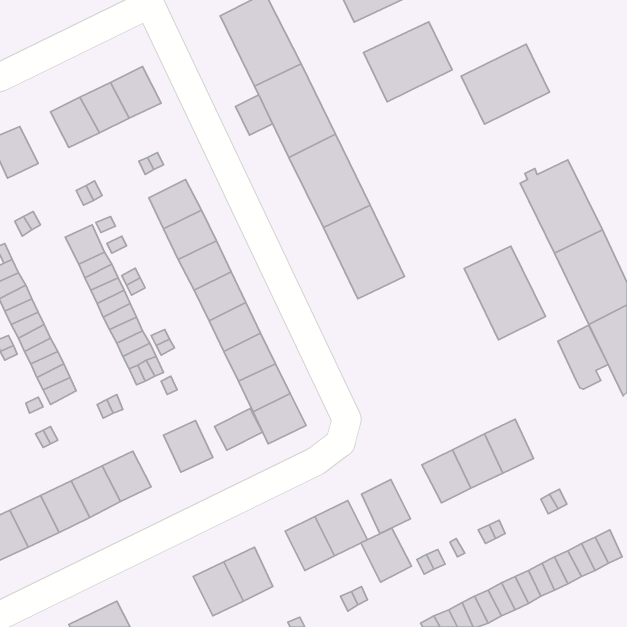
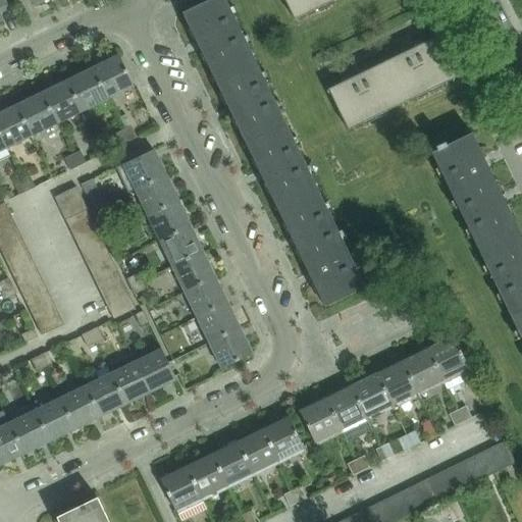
building: [364,22,452,102] -> [328,63,402,129]
building: [236,95,273,135] -> none
building: none -> [16,93,57,136]
building: [464,246,545,340] -> [297,229,364,307]
building: [558,325,608,389] -> [427,334,469,387]
building: [215,409,263,450] -> none
building: none -> [110,361,150,404]
building: [361,528,411,582] -> [324,385,366,430]
building: none -> [211,440,253,486]

